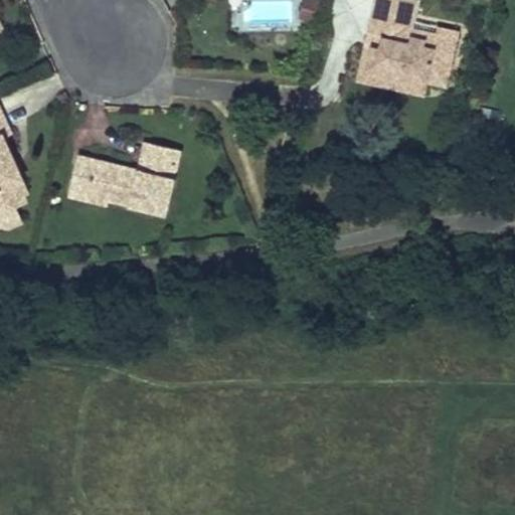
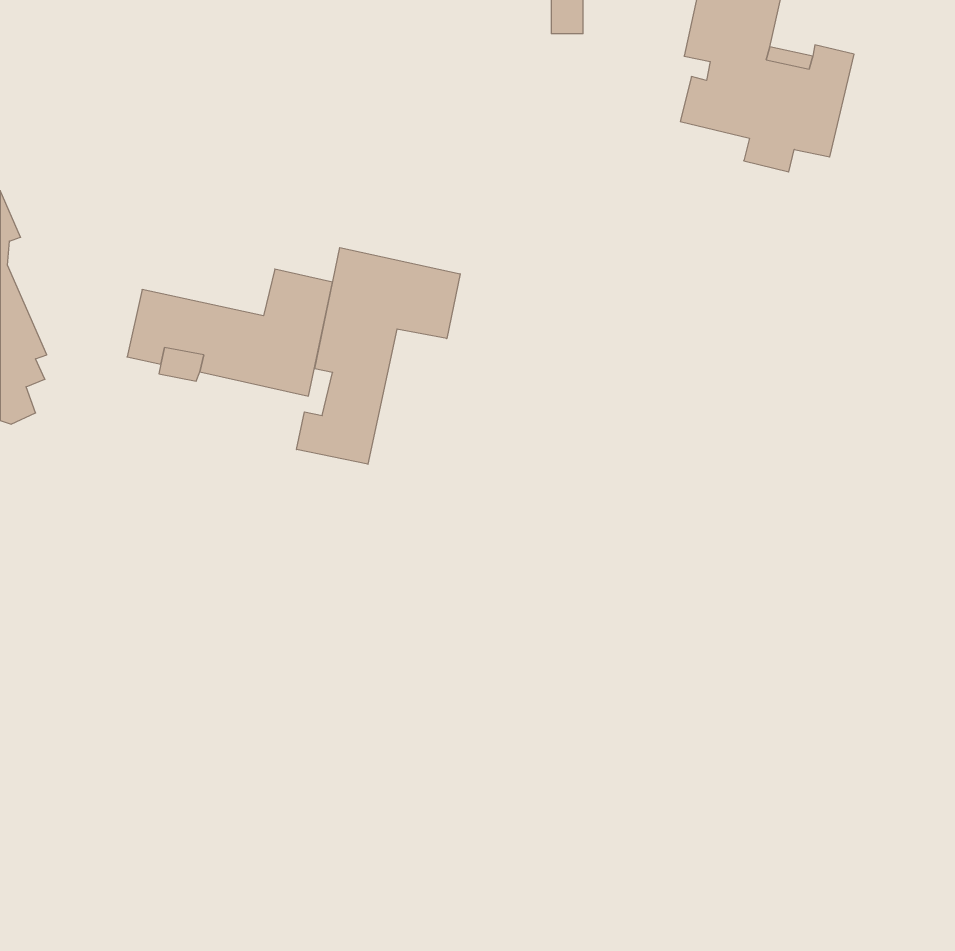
building: [357,30,403,87] -> none
building: none -> [297,248,460,464]

